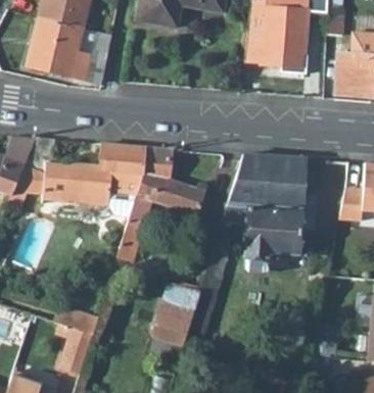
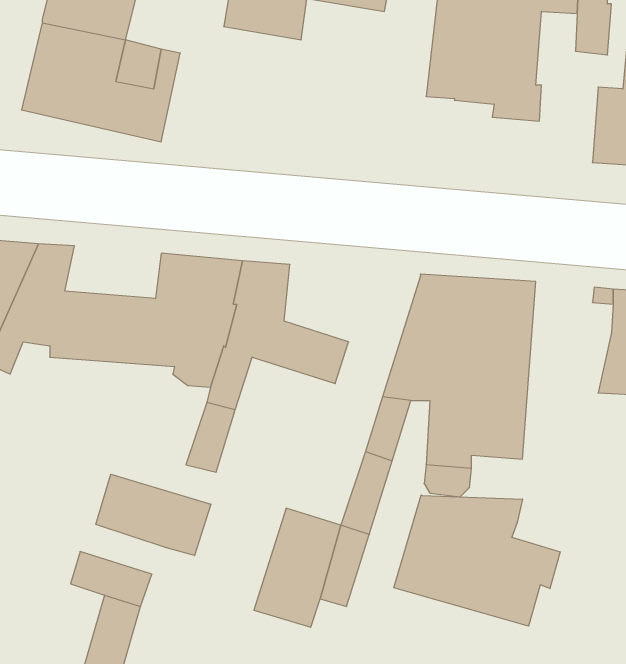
building: none -> [96,474,211,556]
building: none -> [394,495,560,626]

